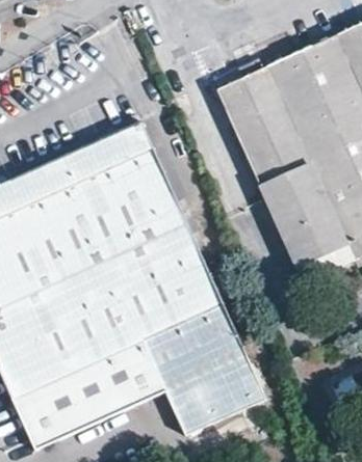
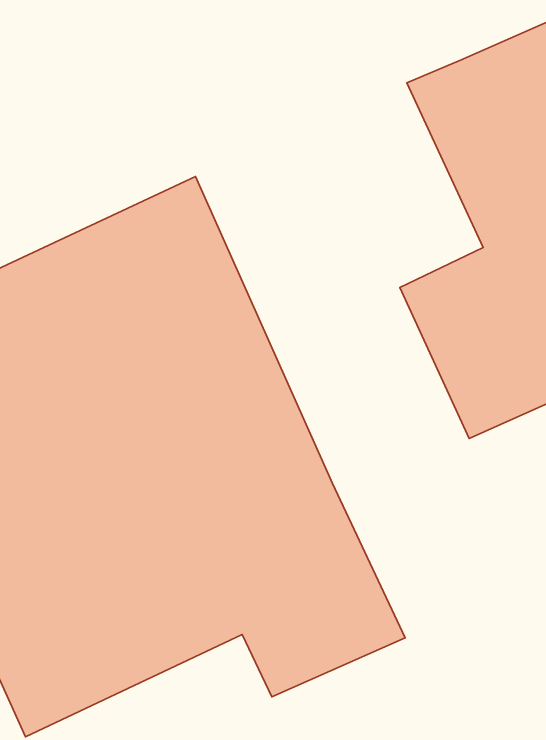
building: [214,63,311,186] -> none

